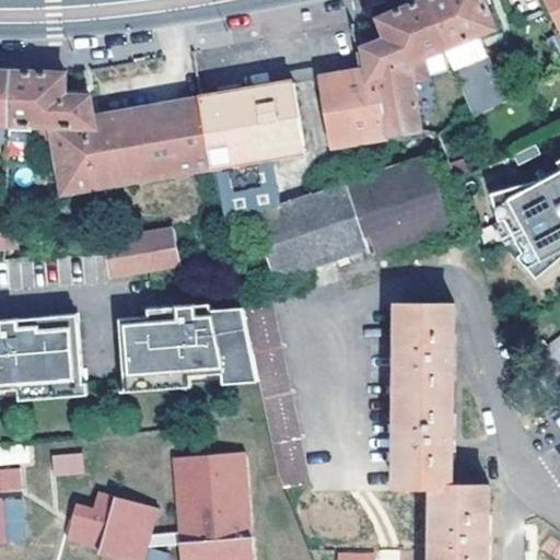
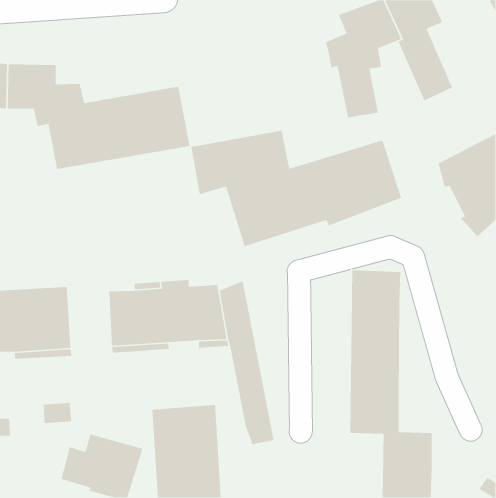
building: [328,66,389,141] -> none
building: [200,78,316,164] -> none
building: [106,229,178,273] -> none

